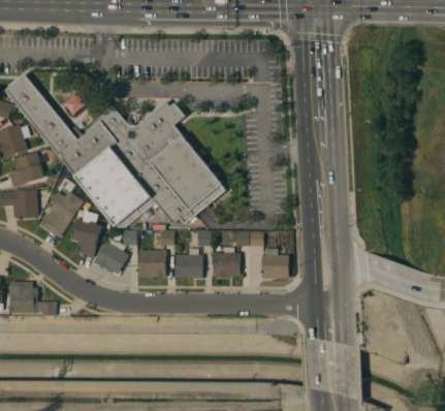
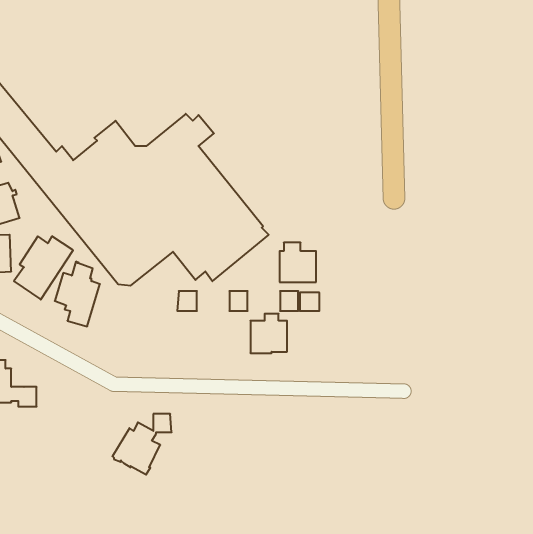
building: [93,231,136,276] -> [112,414,172,475]
building: [174,249,202,278] -> none
building: [261,249,288,278] -> [280,243,316,282]
building: [137,250,165,277] -> none

